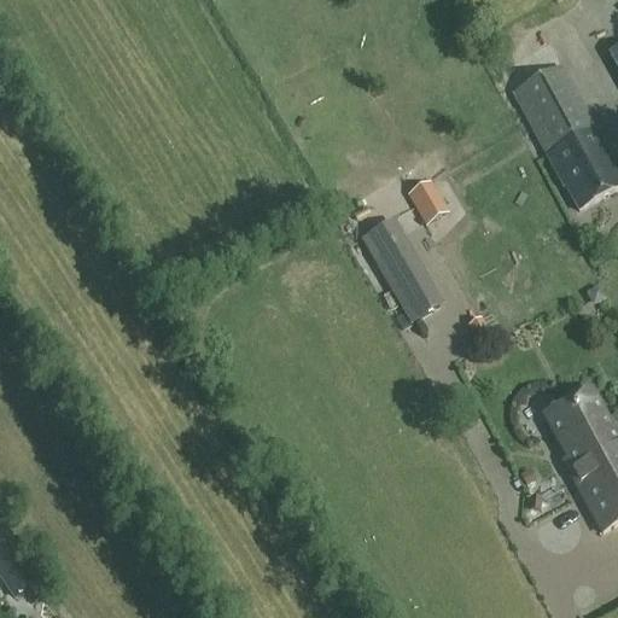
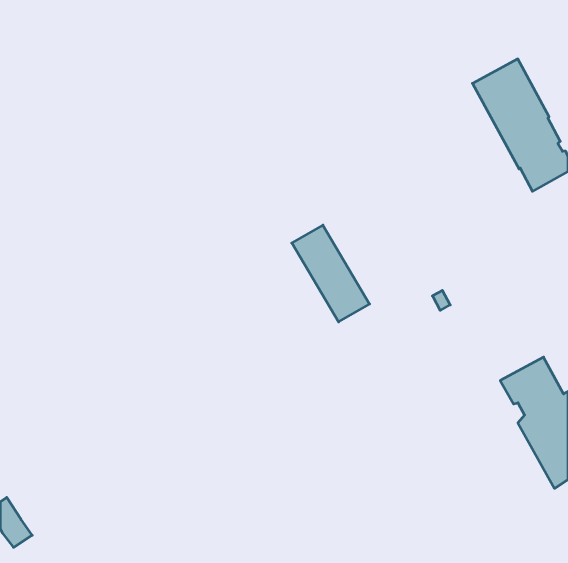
building: [409,176,448,217] -> none
building: [361,217,445,322] -> [292,225,370,322]

